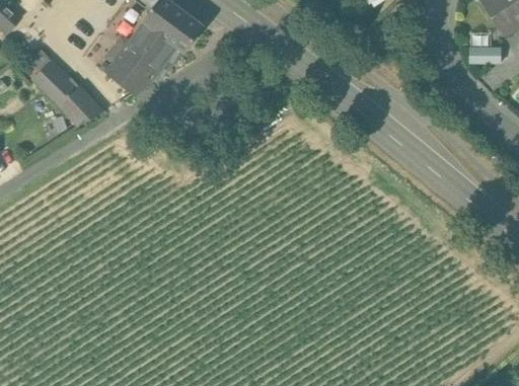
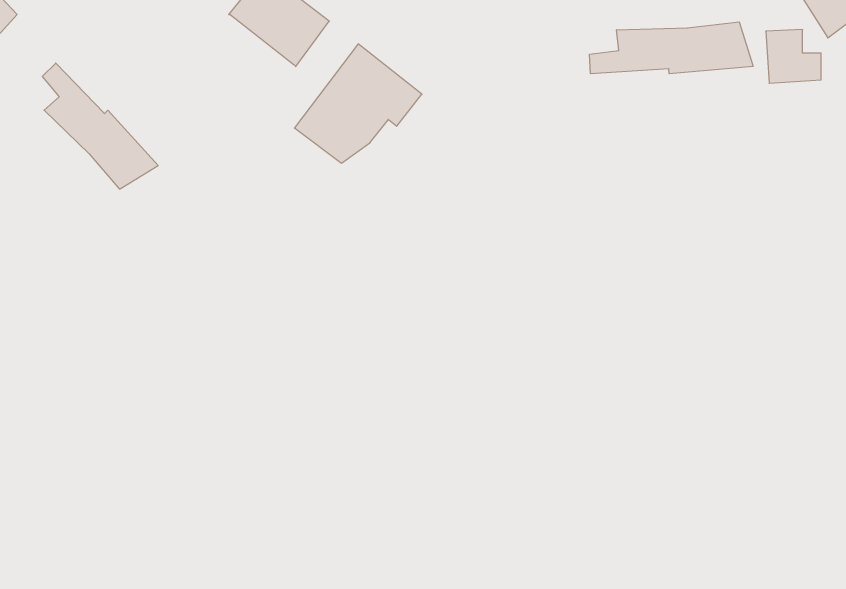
building: [105,22,182,94] -> [294,44,422,163]
building: none -> [590,22,753,74]

